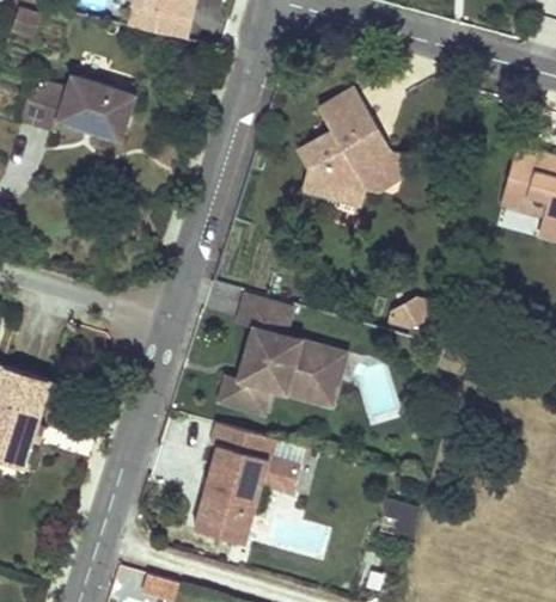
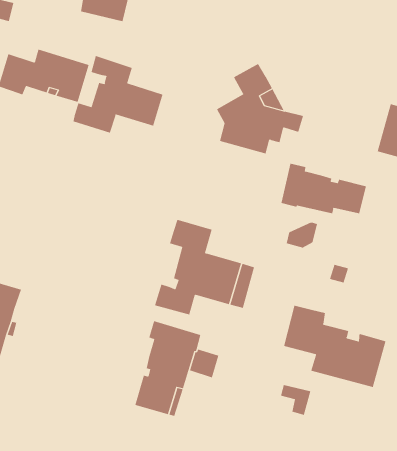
building: none -> [73,55,163,133]
building: none -> [281,163,367,214]
building: none -> [283,305,386,388]

